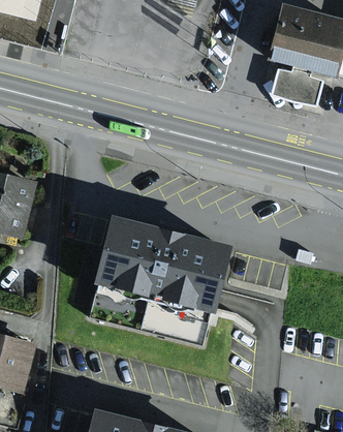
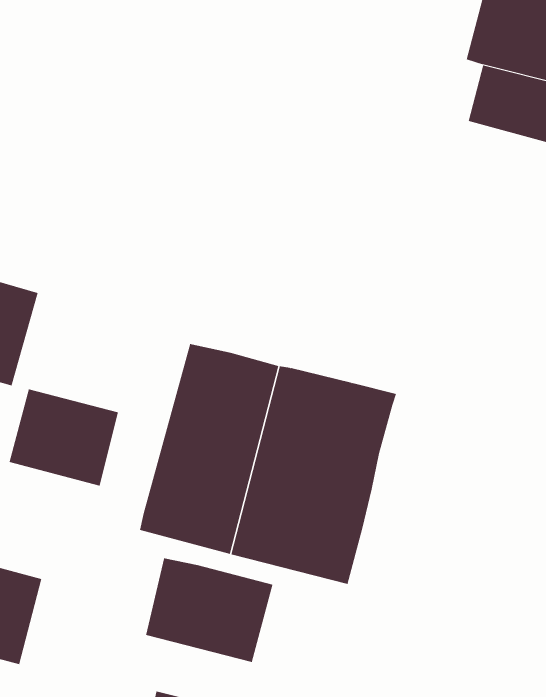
building: none -> [9,388,118,487]
building: none -> [145,557,273,663]

